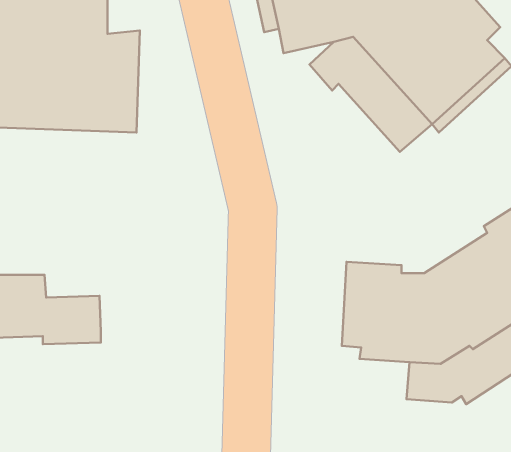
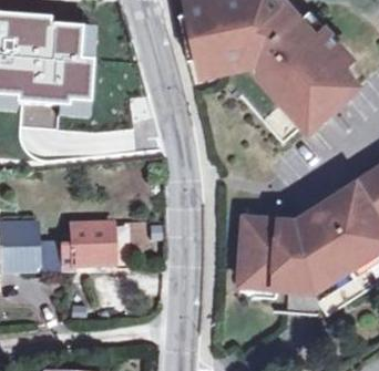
building: none -> [75,219,114,260]

